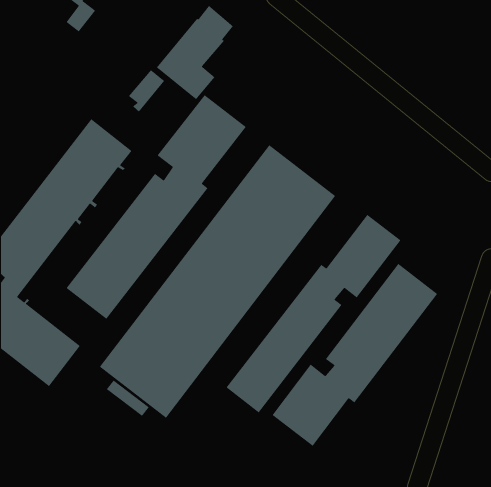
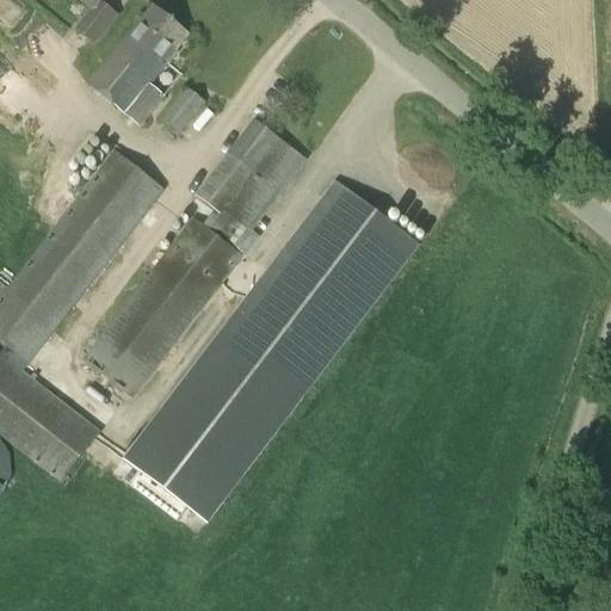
building: [156,5,234,100] -> [91,5,187,123]
building: [226,214,401,413] -> none
building: [272,263,438,447] -> none

